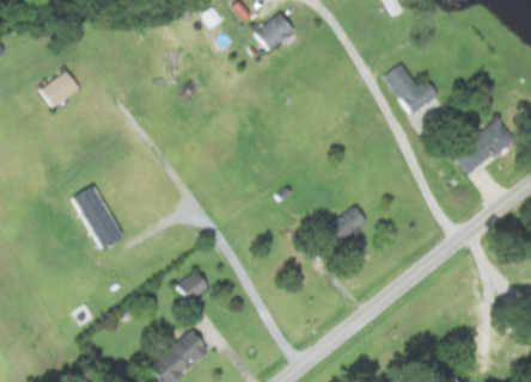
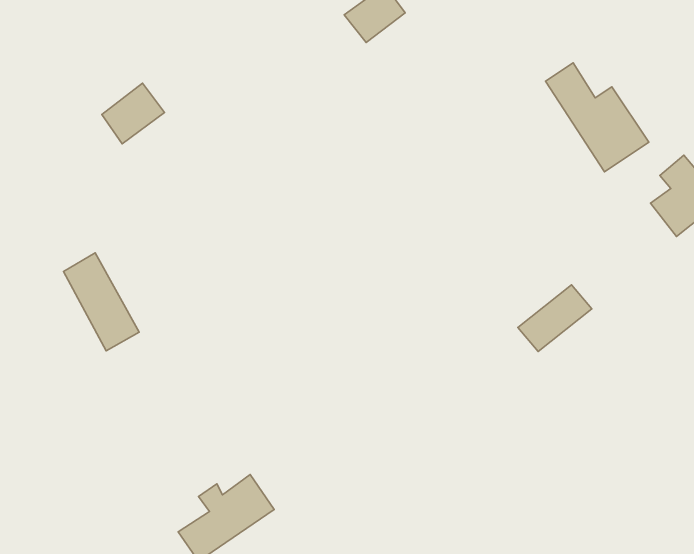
building: [41,68,81,107] -> [102,83,164,144]
building: [321,205,368,248] -> [518,285,592,351]
building: [177,270,209,301] -> none

